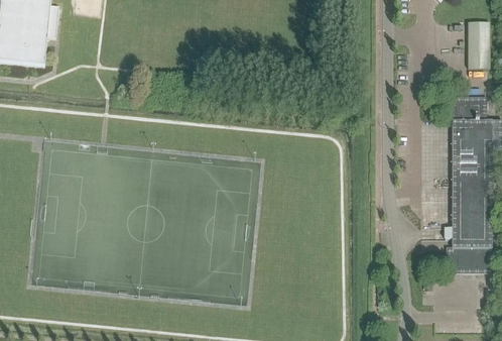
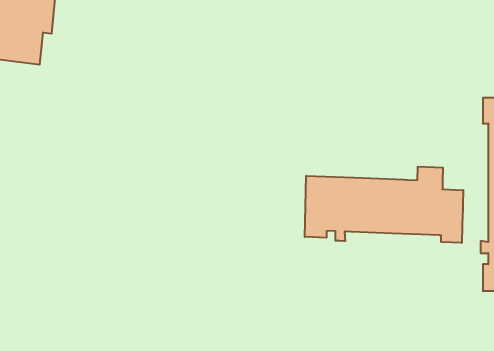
building: none -> [305,167,463,243]

